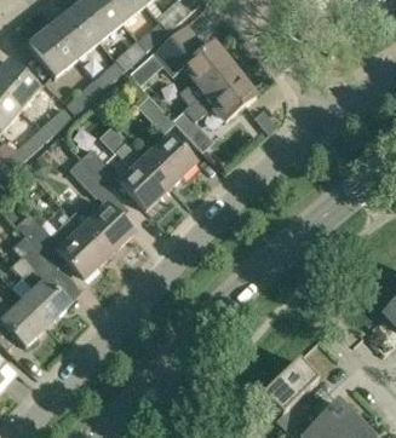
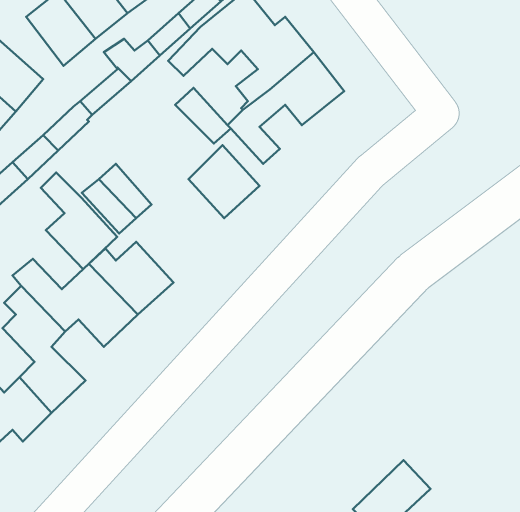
building: [115,140,170,209] -> [41,173,117,269]

